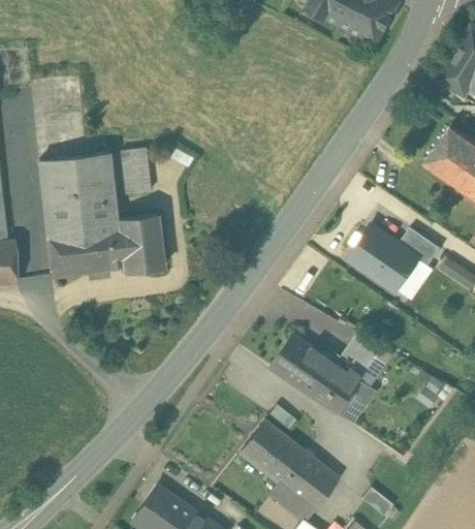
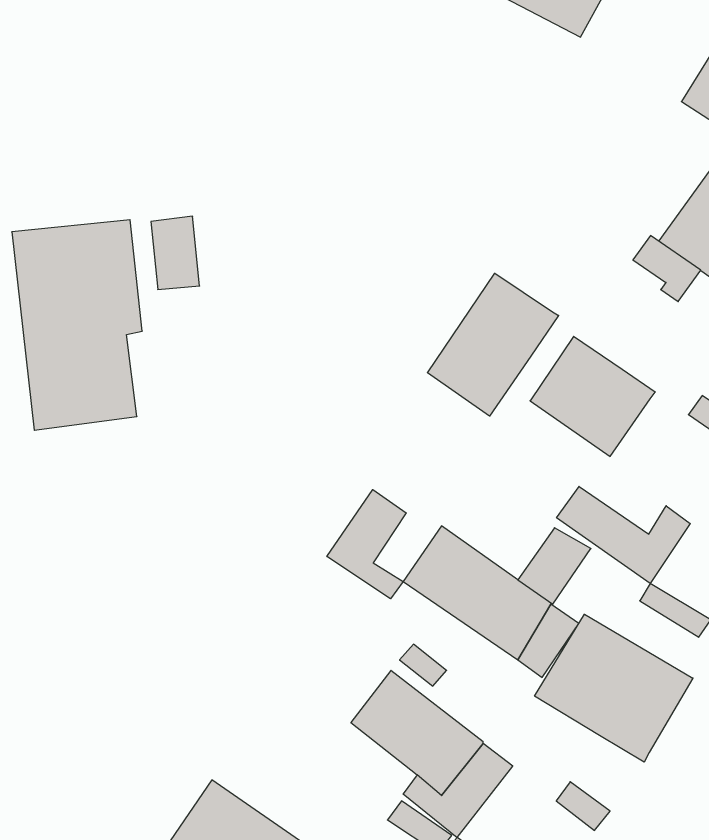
building: none -> [427,273,559,416]
building: [106,215,162,273] -> none
building: [401,227,441,267] -> [633,236,701,302]
building: none -> [557,486,690,583]
building: none -> [327,490,406,599]
building: none -> [535,614,693,762]

